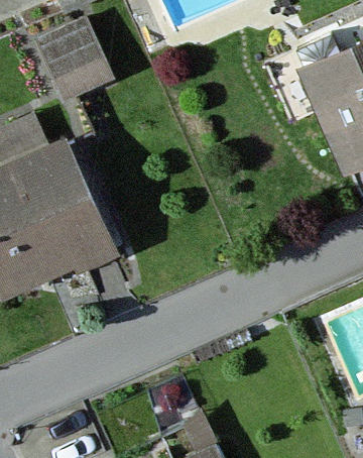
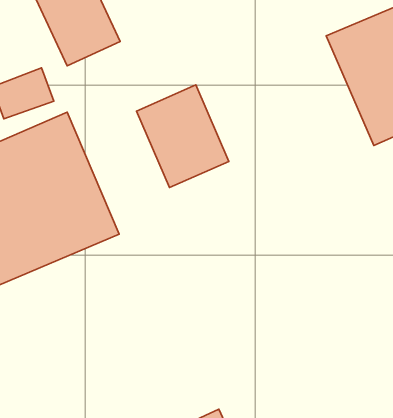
building: none -> [136,85,229,188]

